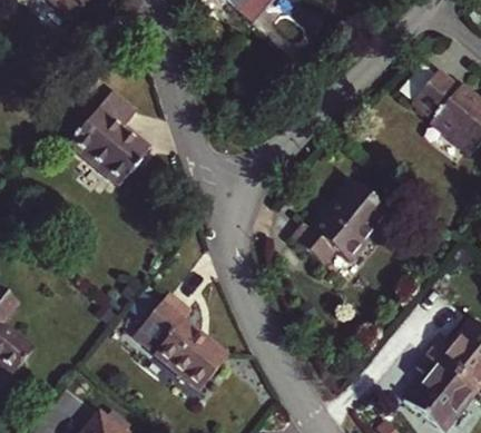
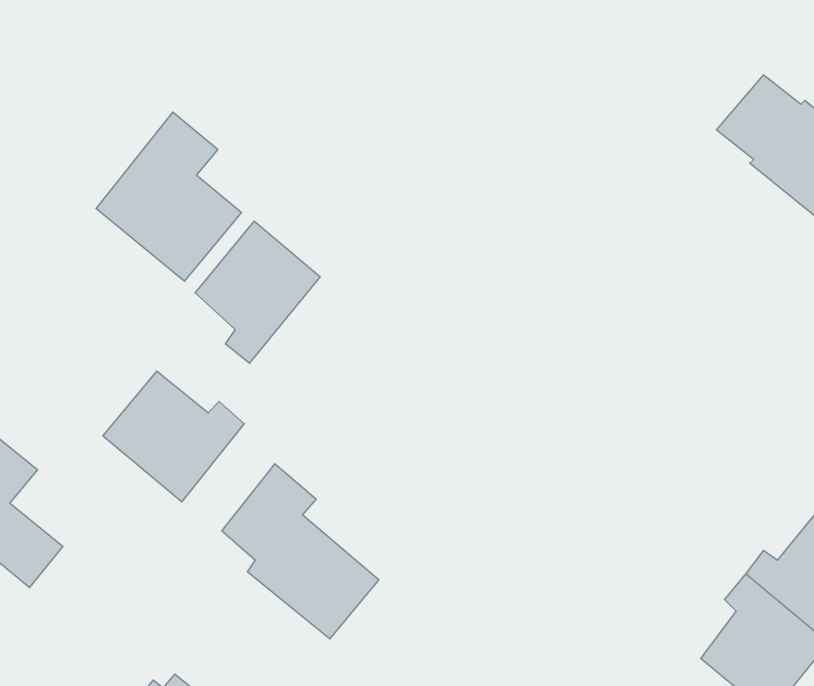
building: none -> [195,221,320,363]
building: [296,179,392,262] -> none
building: none -> [103,371,244,502]

